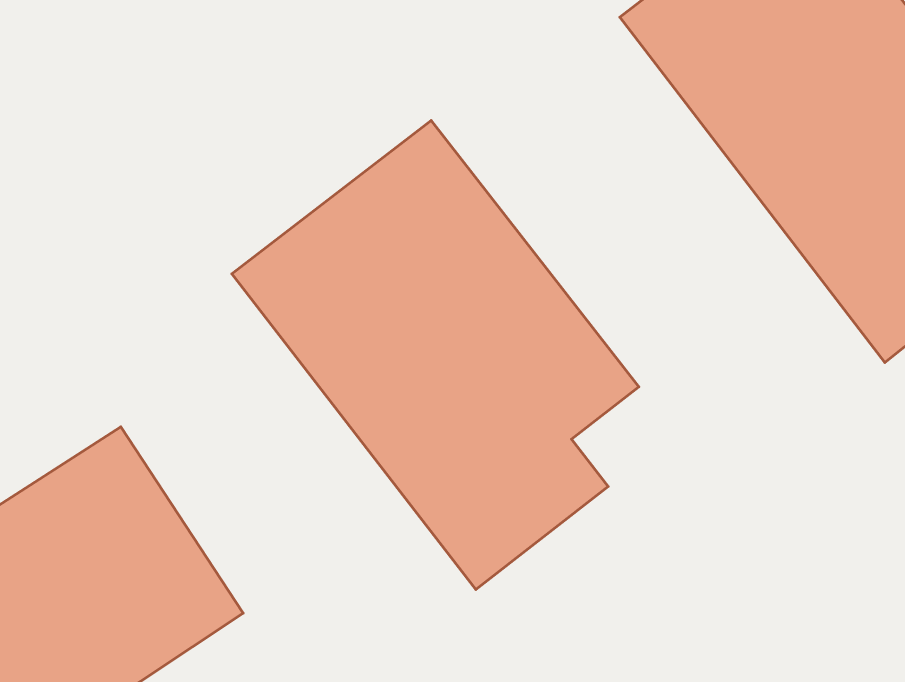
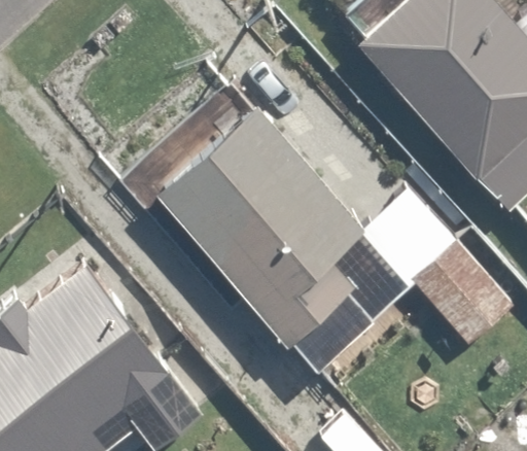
building: none -> [408,233,517,345]

